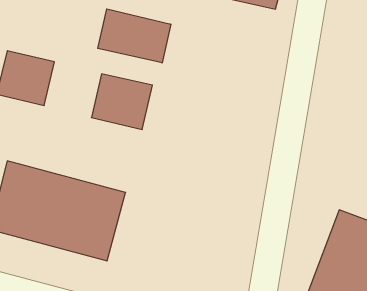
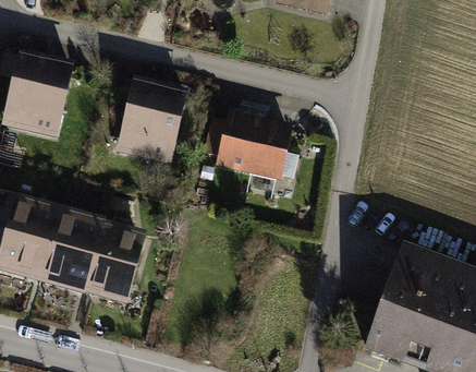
building: [98,9,171,63] -> none
building: none -> [209,107,290,177]

